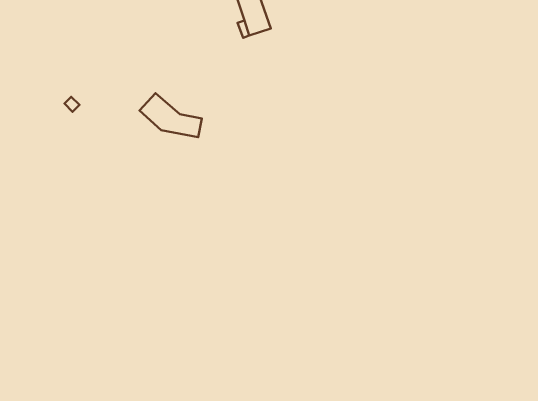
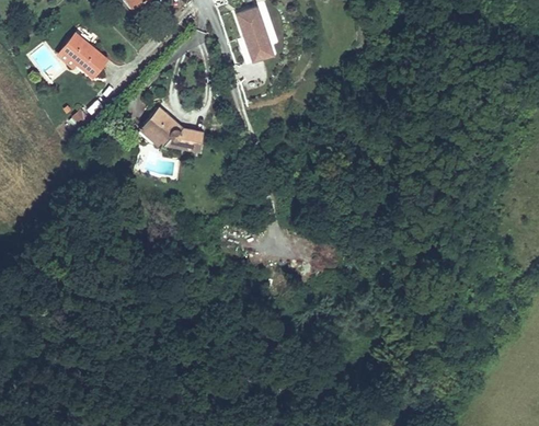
building: none -> [61,34,105,77]

